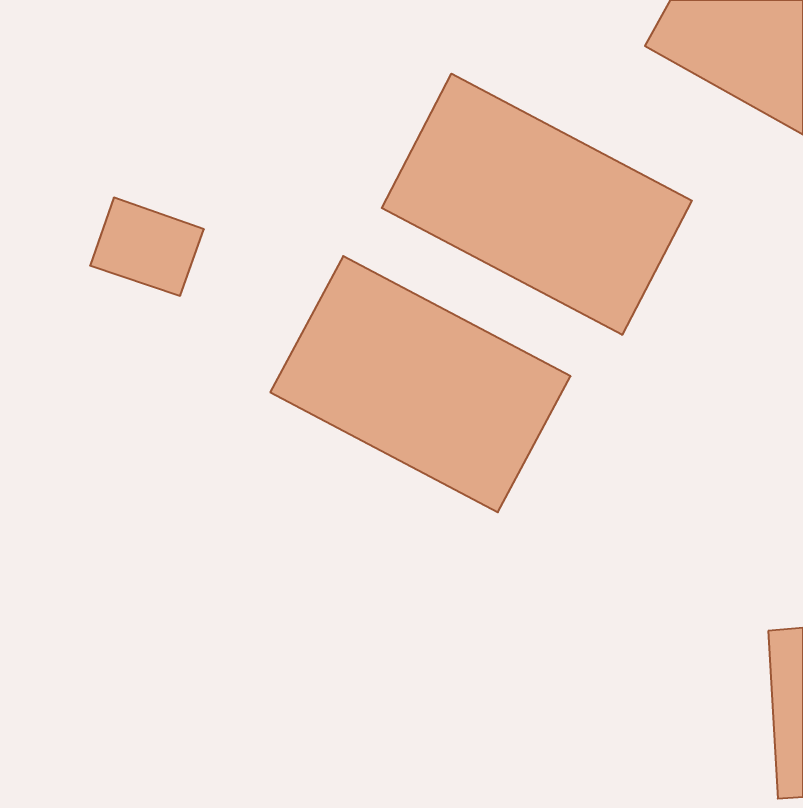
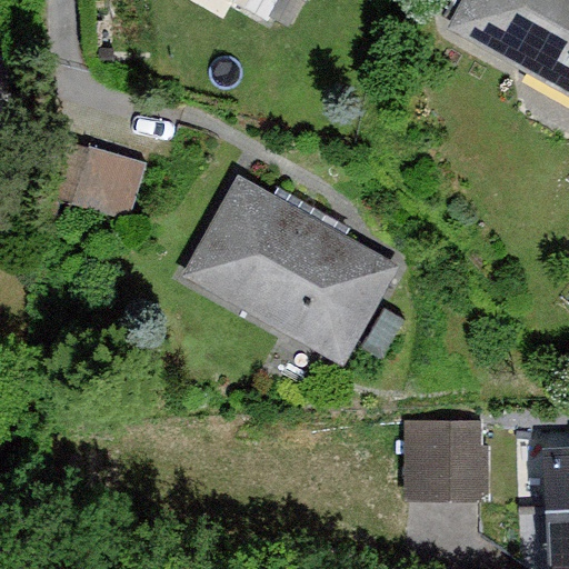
building: [382,74,692,335] -> none
building: none -> [402,422,486,498]

